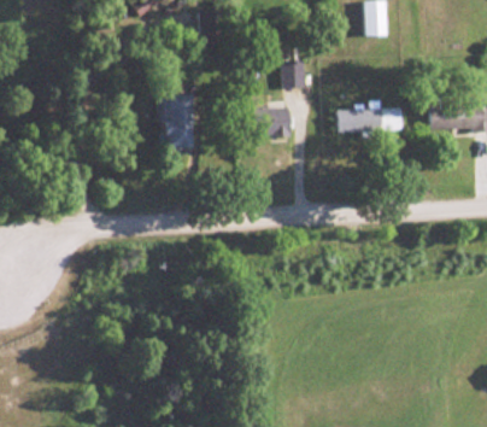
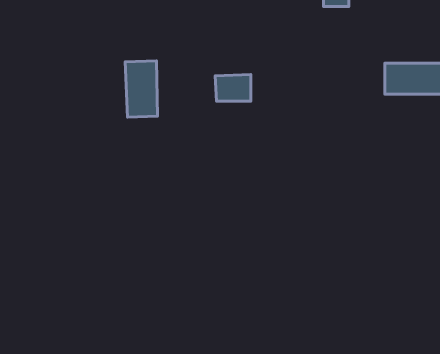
building: [282,60,306,87] -> none
building: [335,109,401,133] -> none

